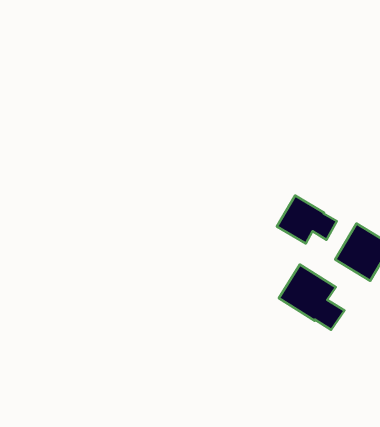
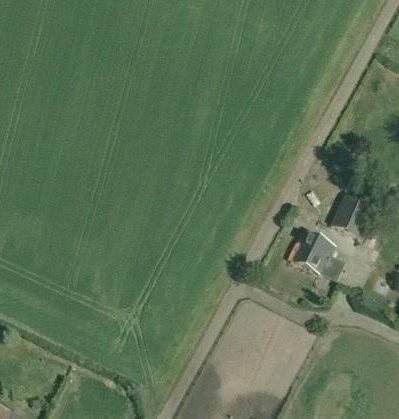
building: [277,195,337,244] -> none

